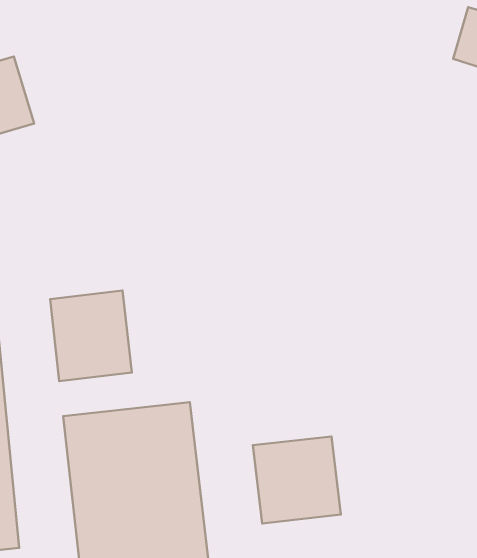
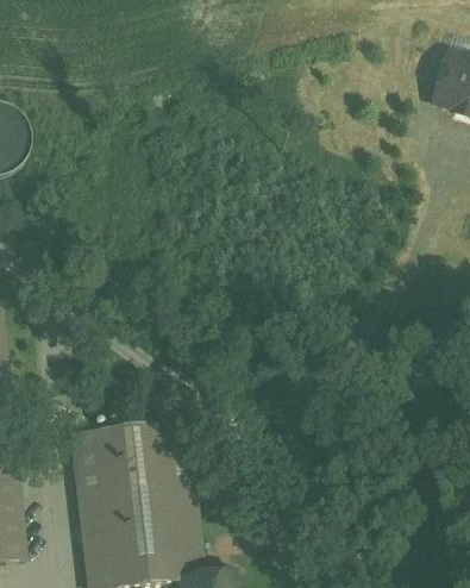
building: [50,290,132,381] -> none
building: [253,436,341,523] -> none

